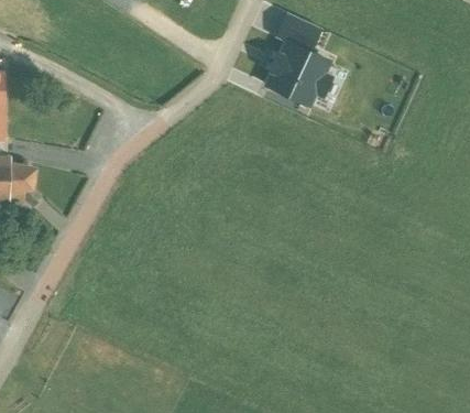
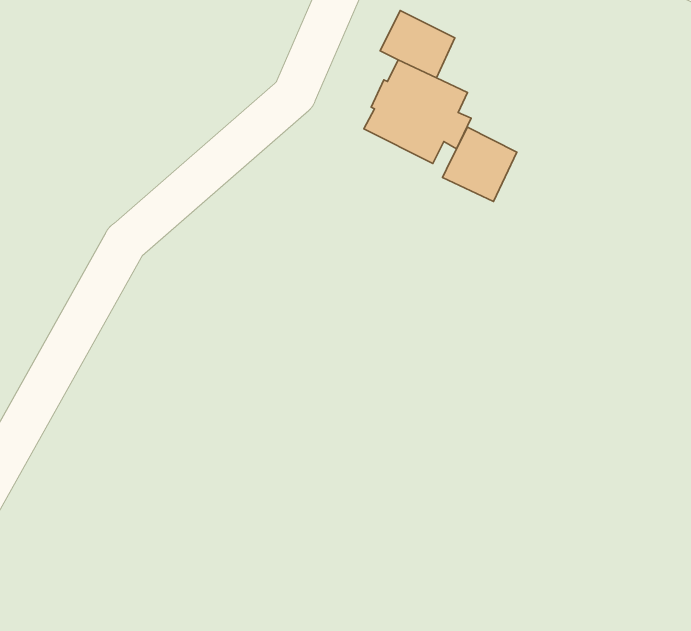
building: none -> [443,127,517,202]

